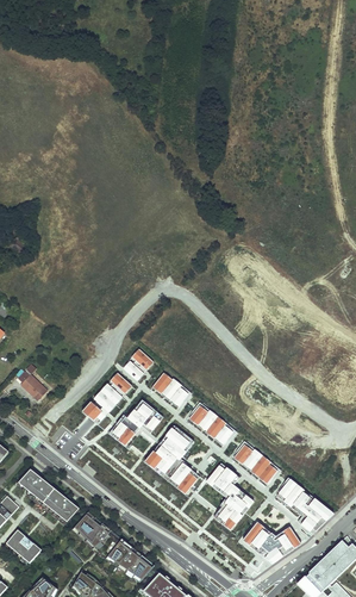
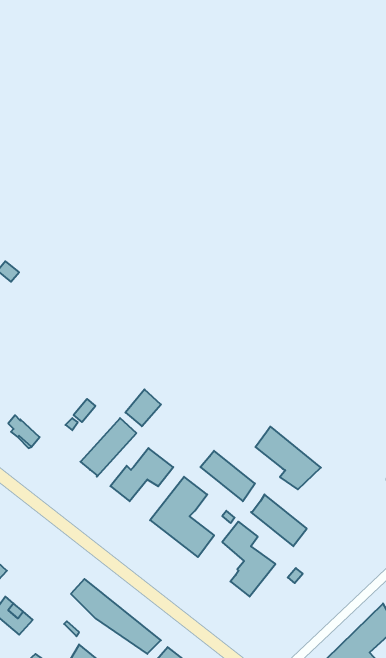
building: [151,373,188,406] -> none
building: [19,469,77,522] -> none
building: [275,478,332,533] -> [255,427,321,489]
building: [242,522,300,562] -> none

